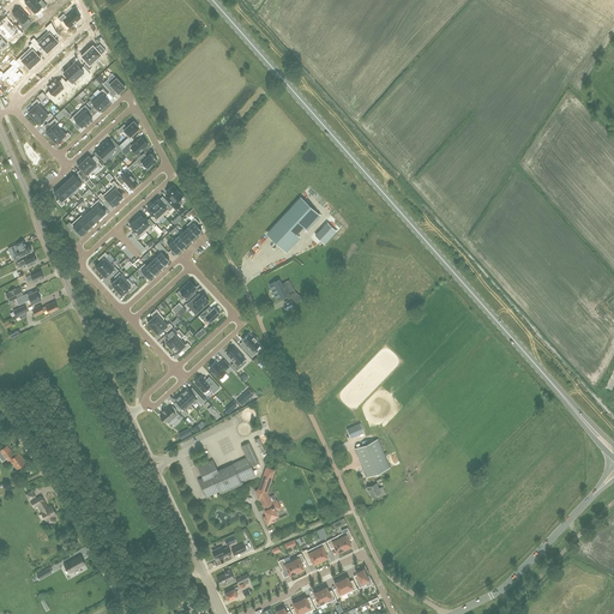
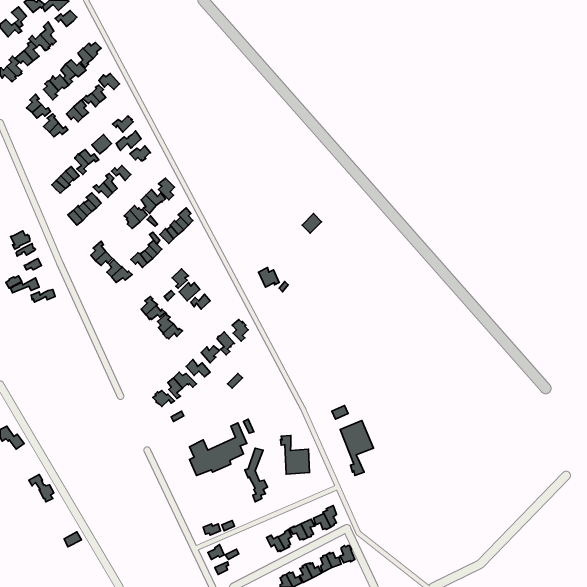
building: [267,198,315,251] -> none
building: none -> [281,435,309,474]

